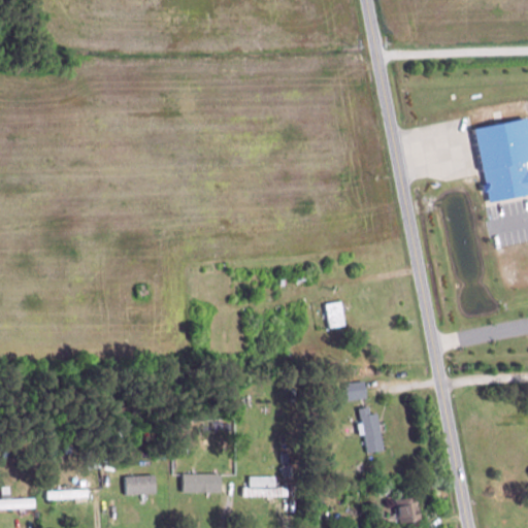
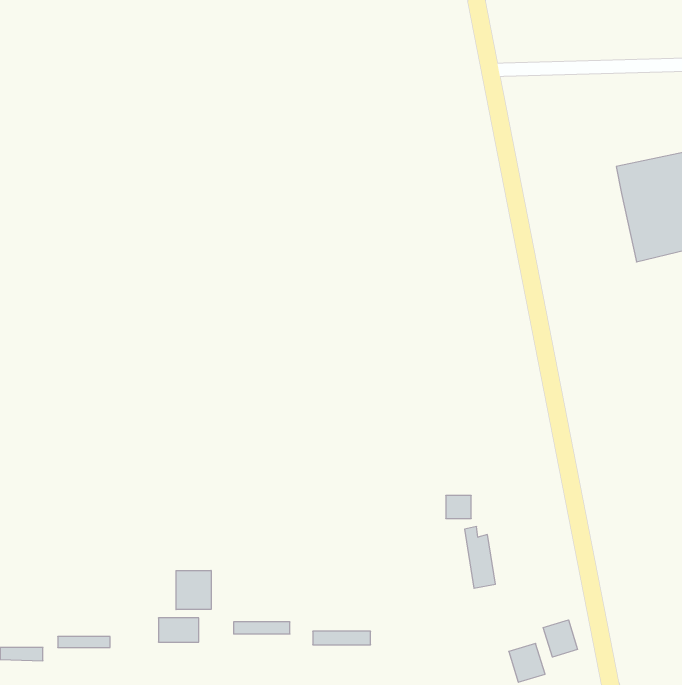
building: [326,300,345,327] -> none
building: none -> [176,570,211,610]
building: none -> [543,620,578,657]

